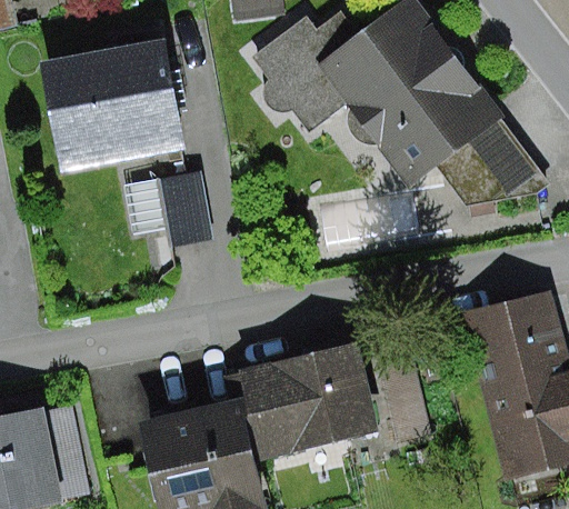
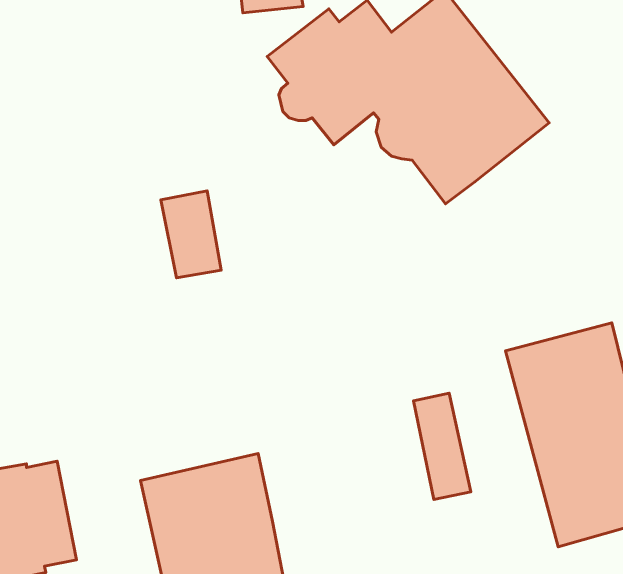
building: [42,43,180,170] -> none
building: [433,112,549,203] -> none
building: [239,342,378,458] -> none

